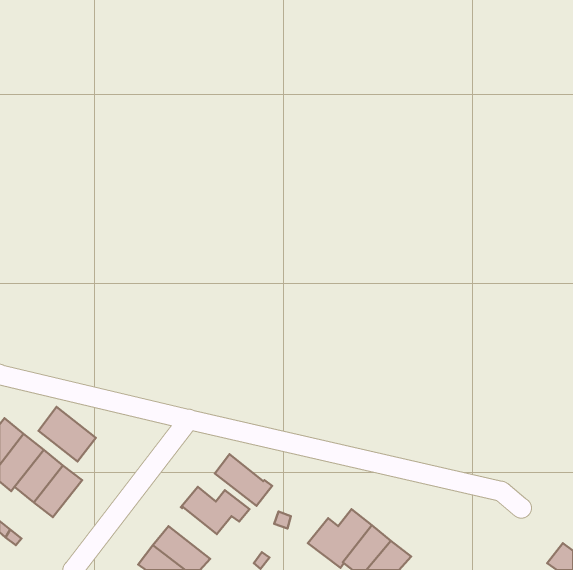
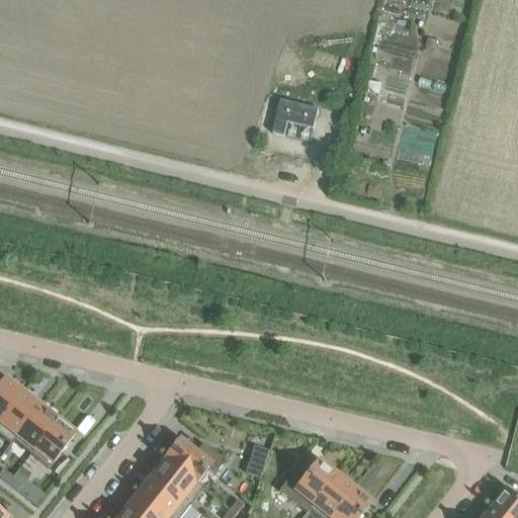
building: none -> [272,98,318,134]
building: [39,407,96,462] -> none
building: [215,454,272,506] -> [152,456,203,503]

